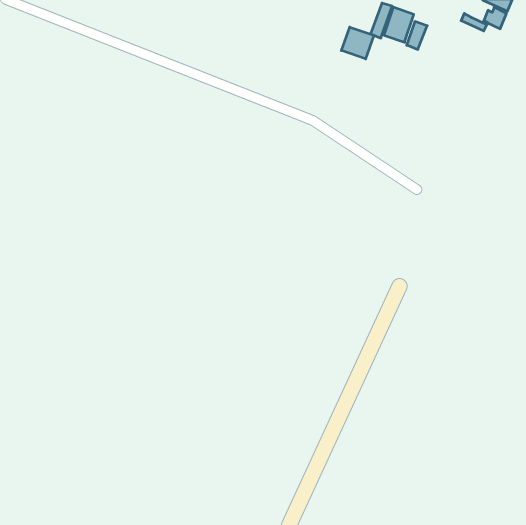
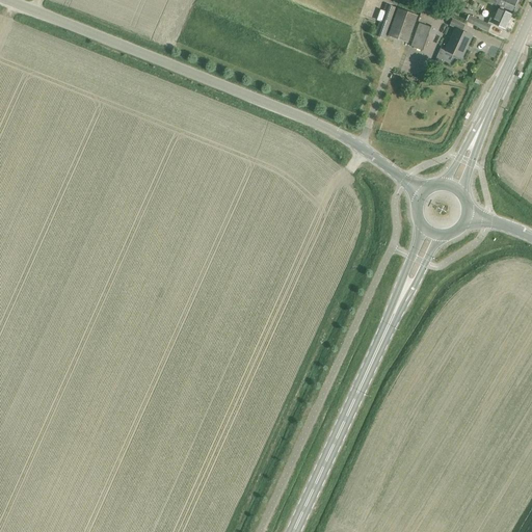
building: none -> [445,19,472,57]
building: [341,27,374,59] -> none

